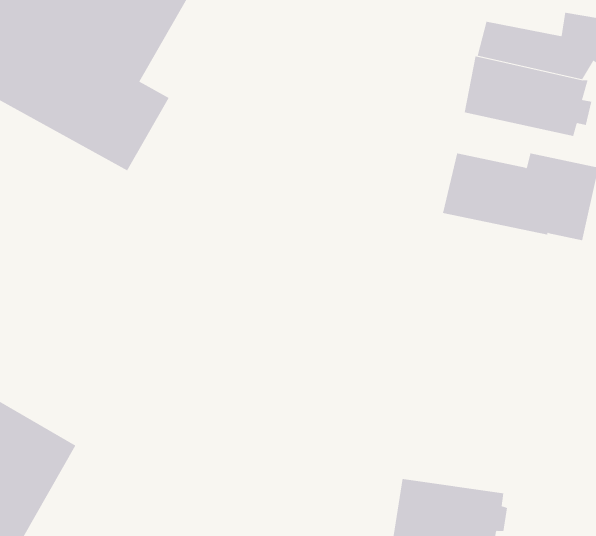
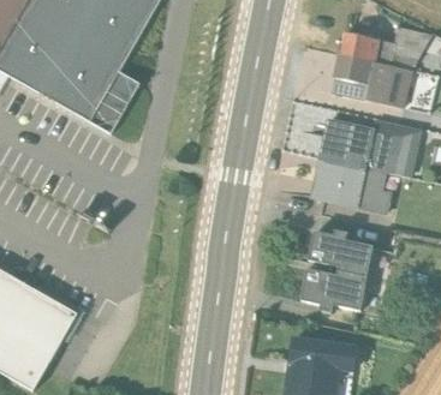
building: none -> [309,160,392,216]
building: none -> [299,232,373,311]

